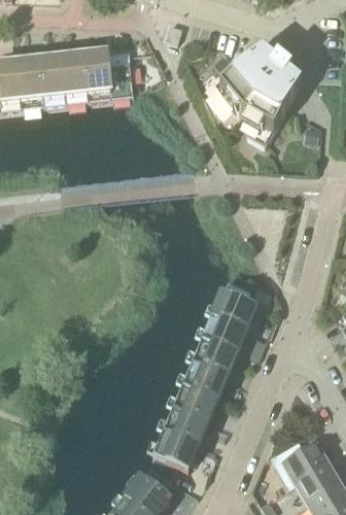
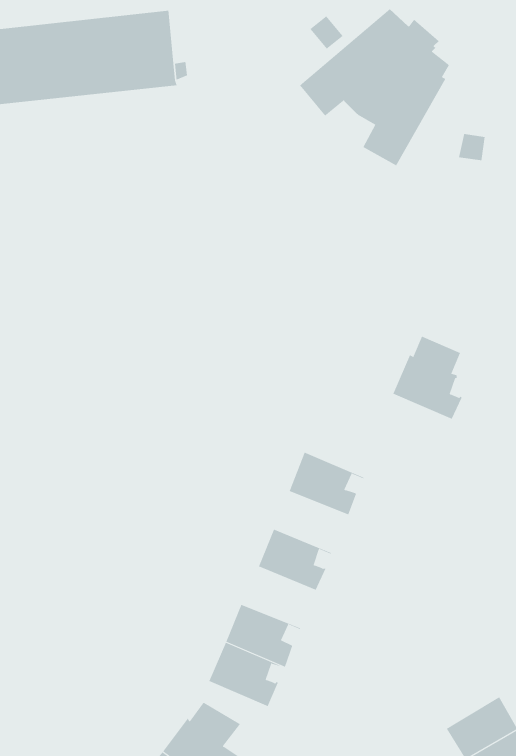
building: [211,281,253,332] -> [392,336,463,420]
building: [193,340,238,377] -> none
building: [173,385,218,422] -> none
building: [271,440,328,487] -> none

